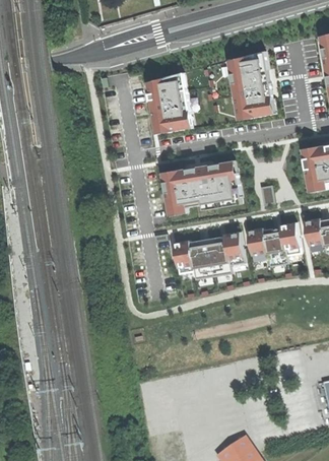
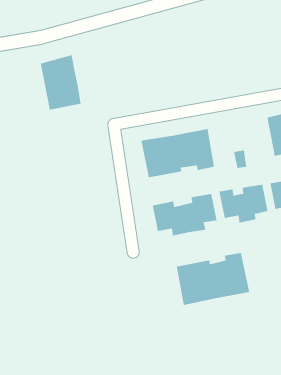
building: [227,51,273,119] -> none
building: [145,73,191,135] -> [40,54,82,111]
building: none -> [176,252,250,306]

